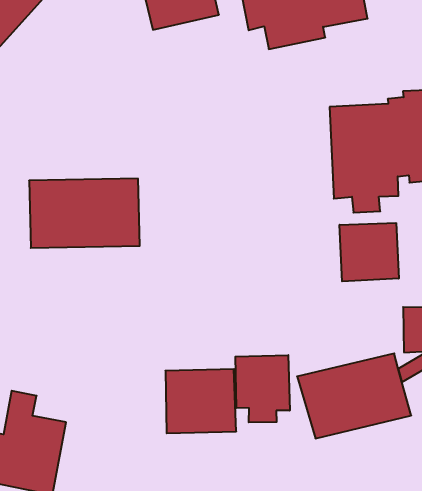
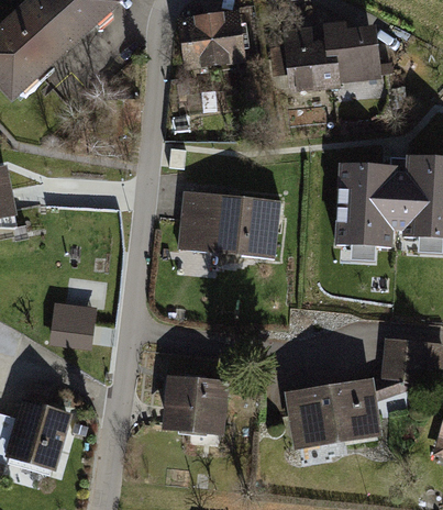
building: [29,179,140,248] -> [178,191,280,259]
building: [340,223,399,281] -> none
building: none -> [47,298,96,345]
building: [235,355,290,422] -> none

